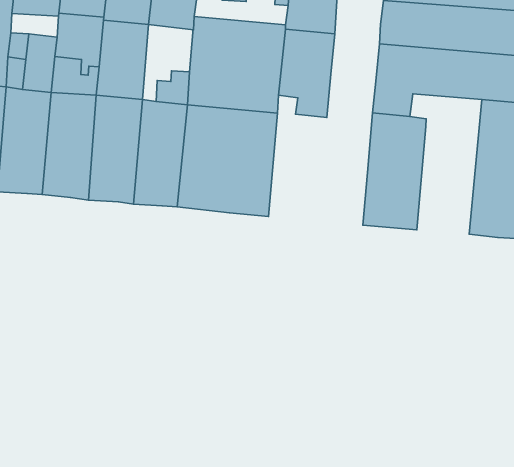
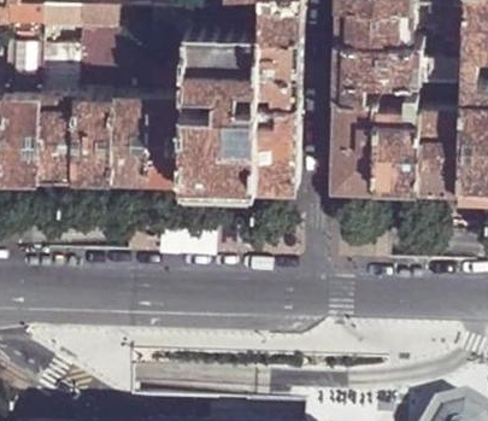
building: none -> [361,88,418,198]
building: none -> [253,95,295,194]

